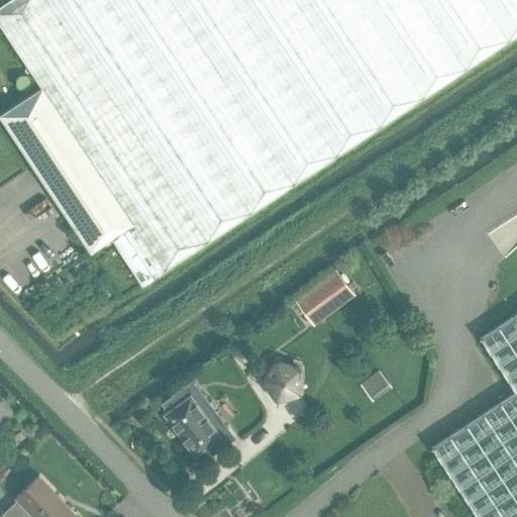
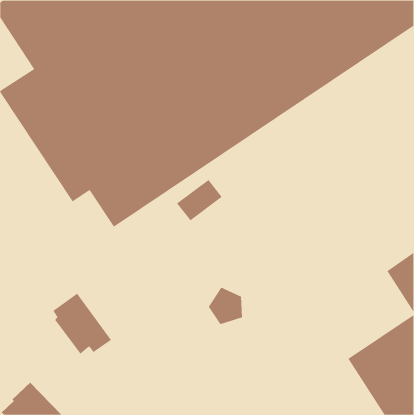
building: [296,271,353,323] -> [176,179,223,221]
building: [161,379,234,455] -> [52,293,112,355]

